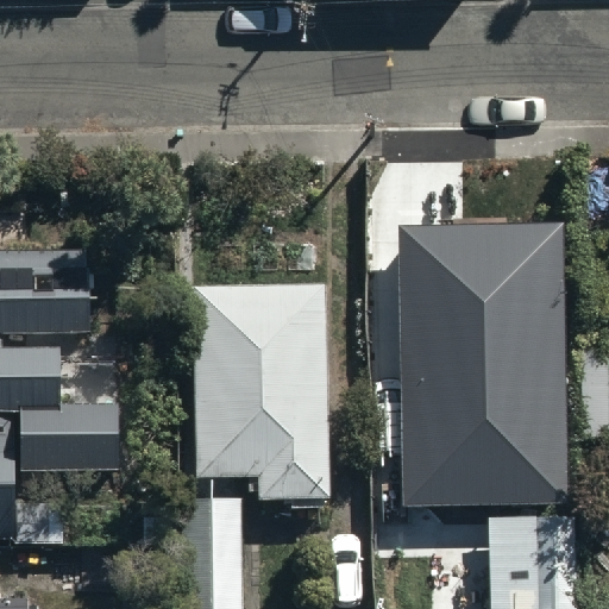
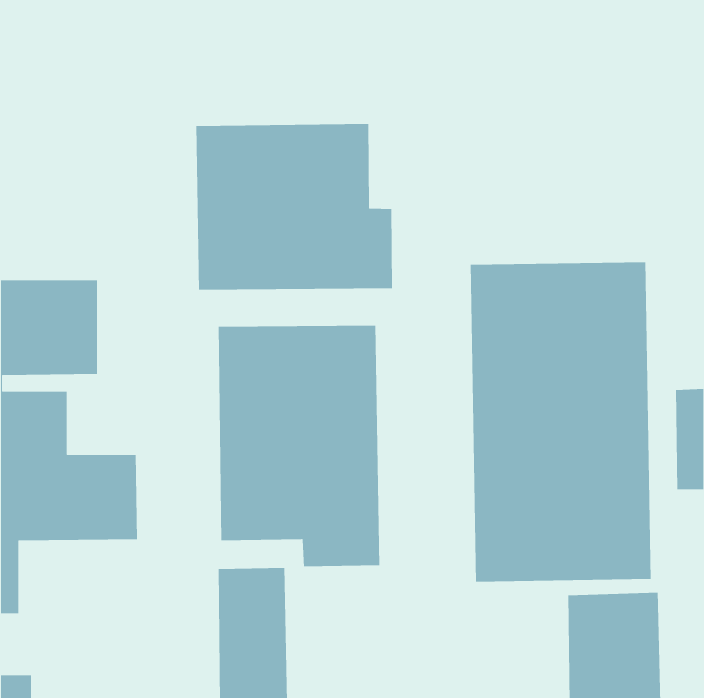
building: none -> [195,123,393,290]

